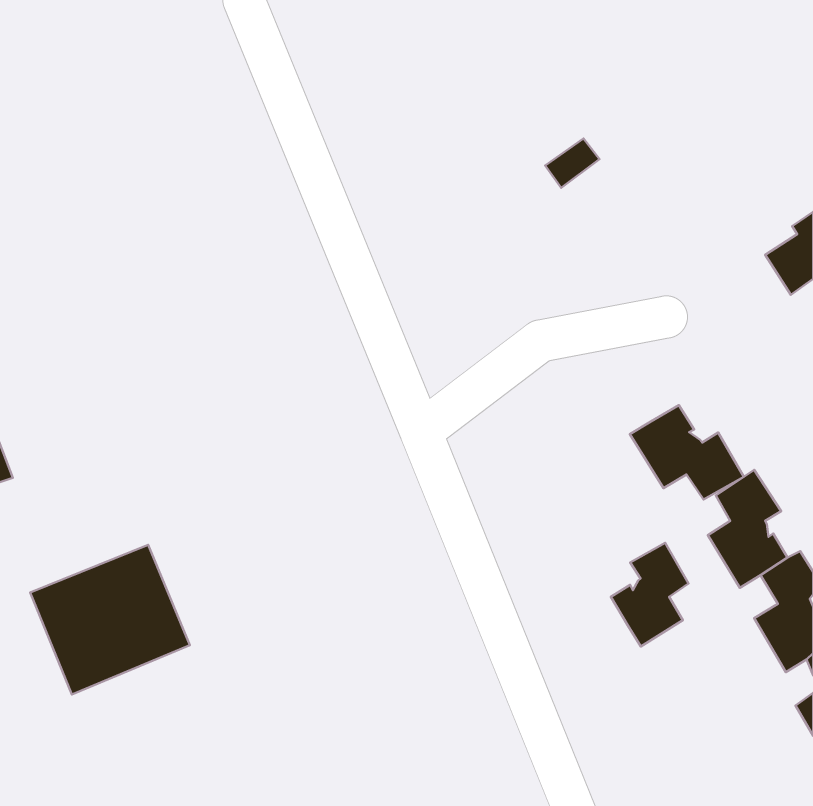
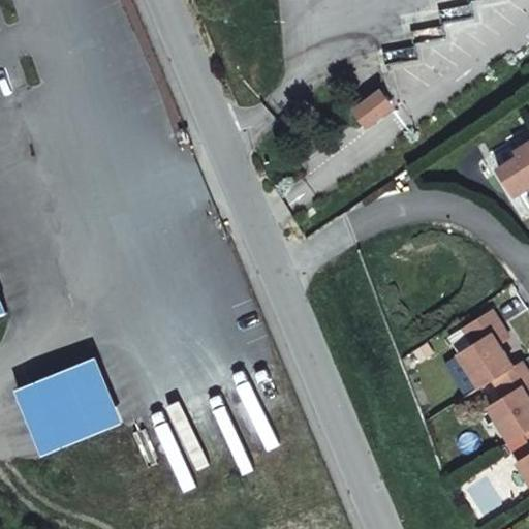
building: [630,405,744,500] -> none
building: [611,543,689,647] -> none

